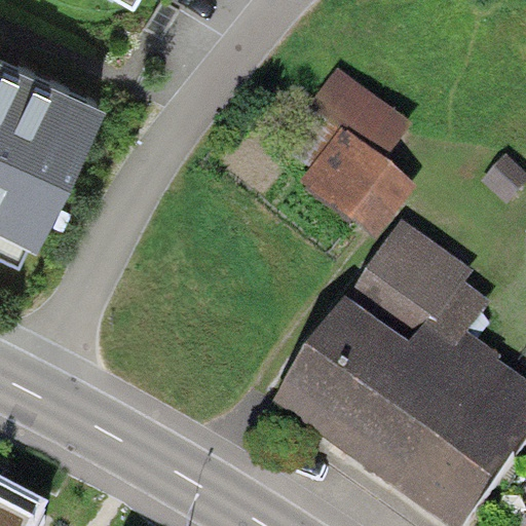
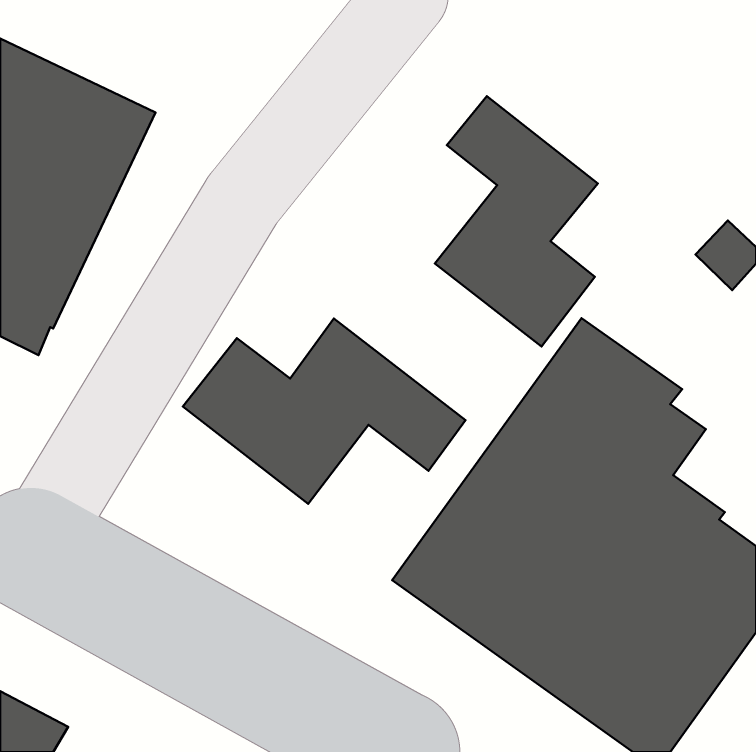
building: none -> [183,319,466,504]

